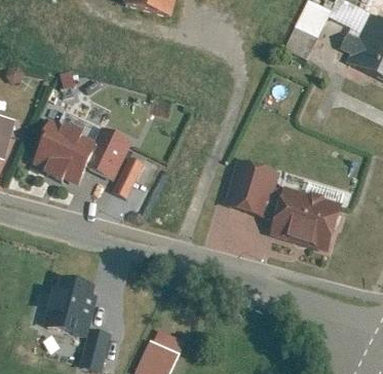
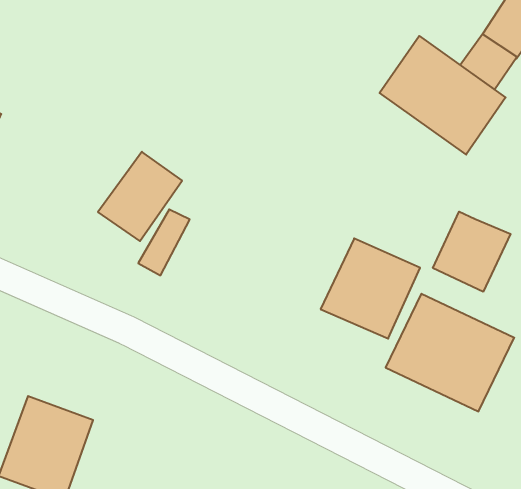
building: none -> [380,36,506,155]
building: [28,116,97,183] -> none
building: none -> [433,212,511,292]

